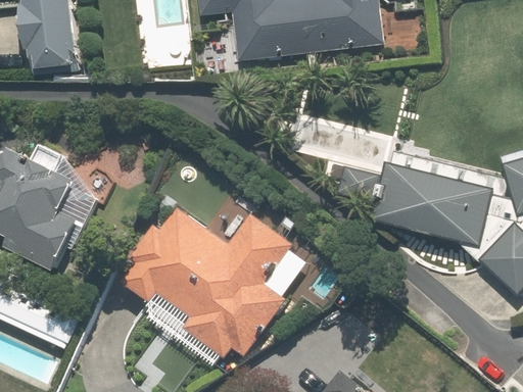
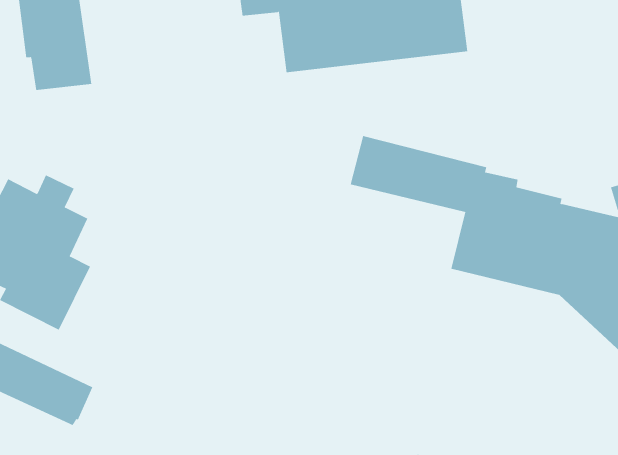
building: [121,206,291,355] -> none

